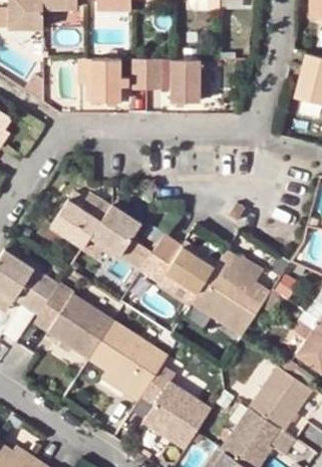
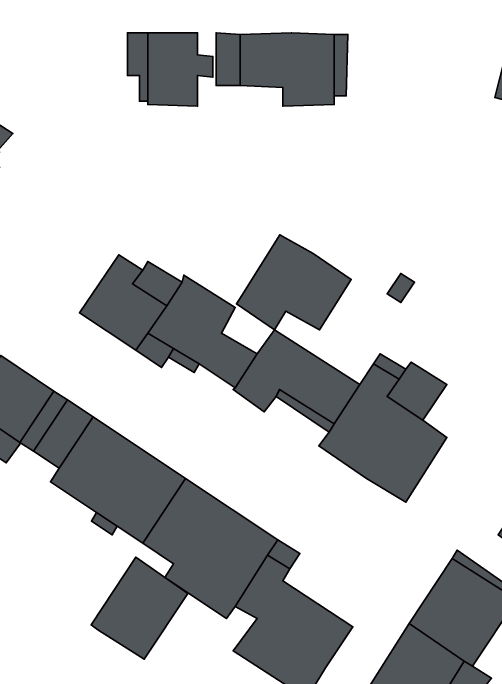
building: none -> [237,235,351,330]
building: none -> [91,557,188,659]

